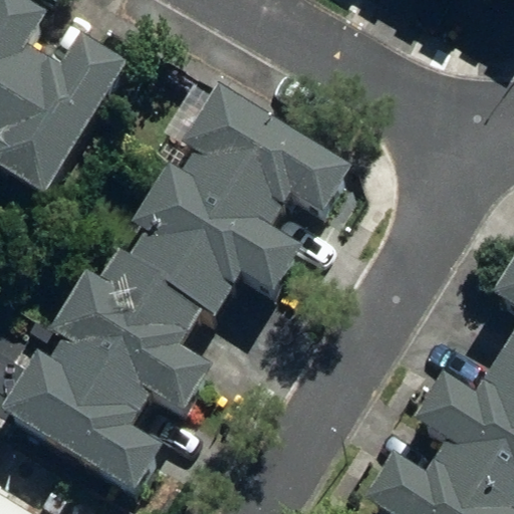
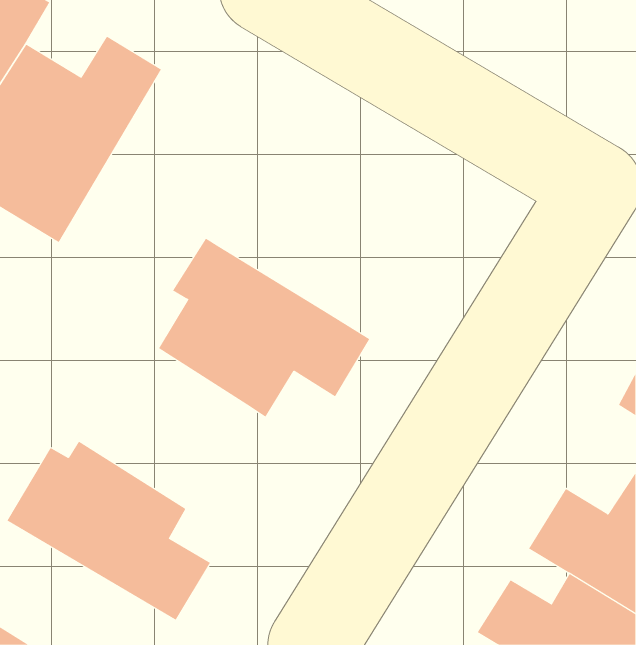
building: [172,91,345,245] -> none
building: [48,265,213,418] -> none

